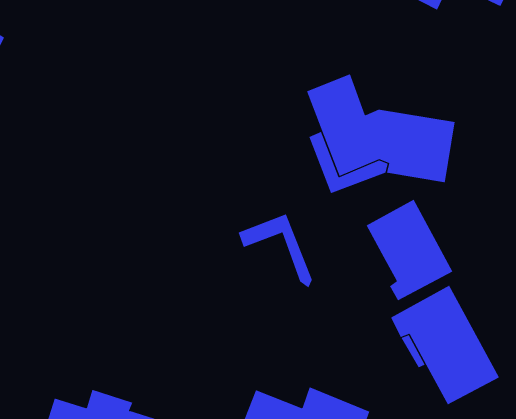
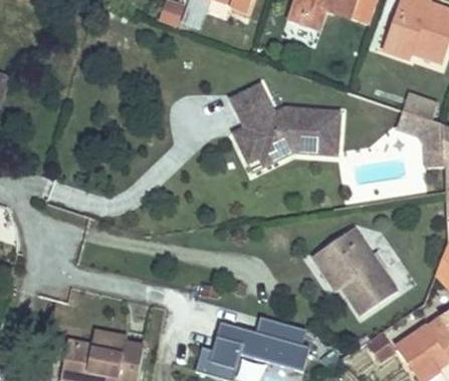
building: [366,199,453,301] -> none
building: [238,213,312,288] -> none

